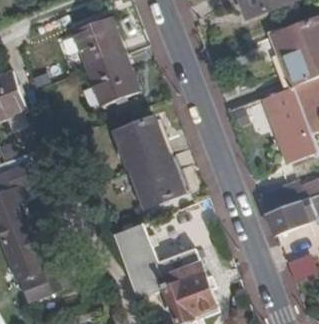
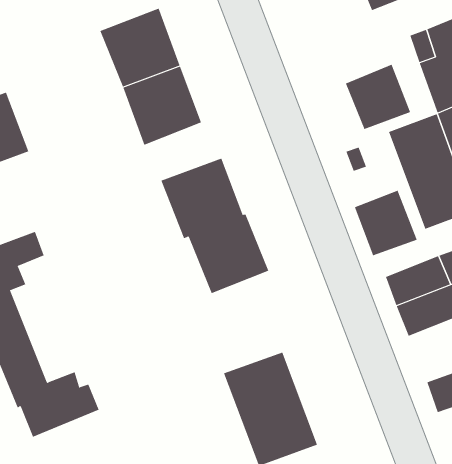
building: none -> [345,64,411,130]
building: none -> [354,190,417,256]
building: [110,221,164,294] -> none

